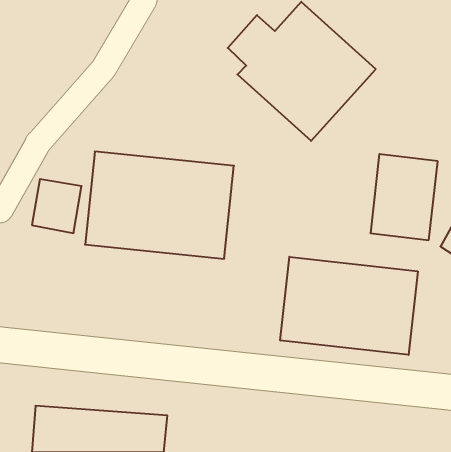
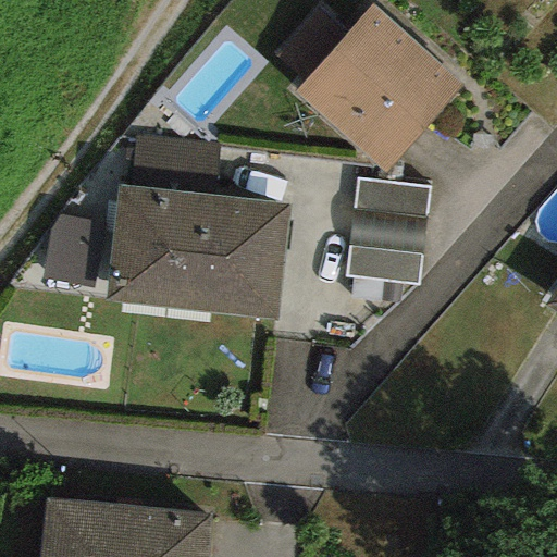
building: [370,154,438,240] -> [347,178,430,284]
building: [280,257,418,355] -> none

